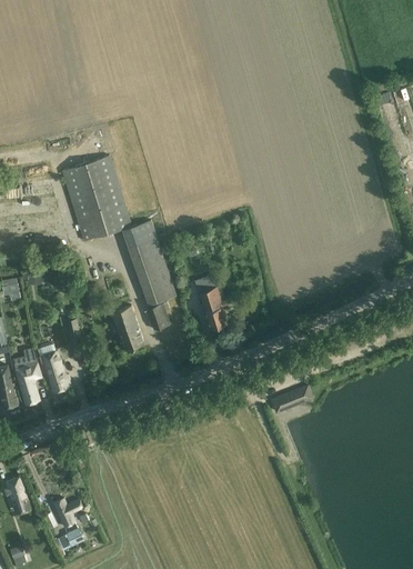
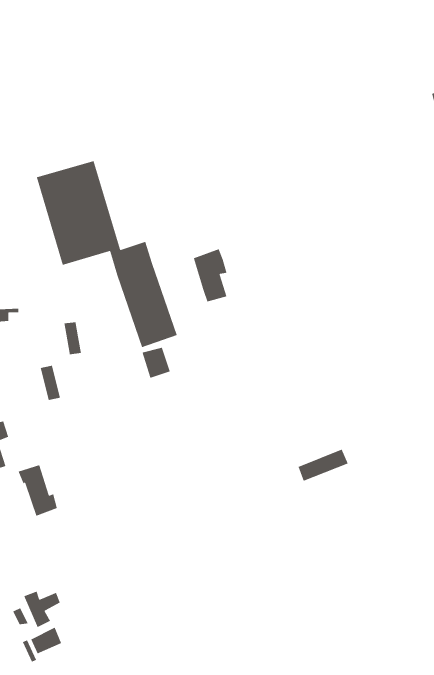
building: [199,286,226,329] -> [193,248,228,302]
building: [111,306,143,350] -> none
building: [39,351,71,393] -> [18,464,58,517]

